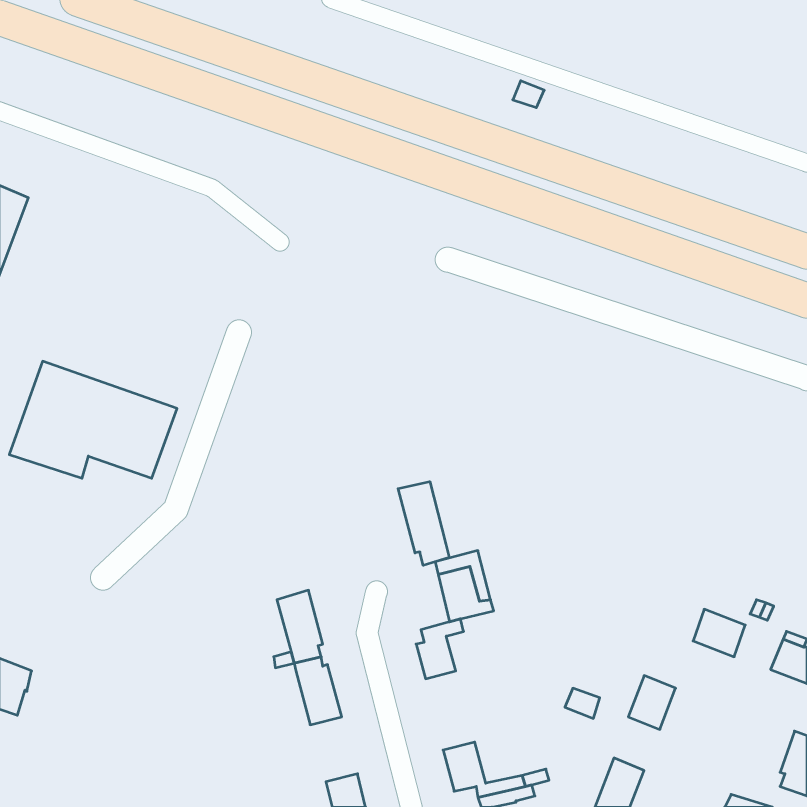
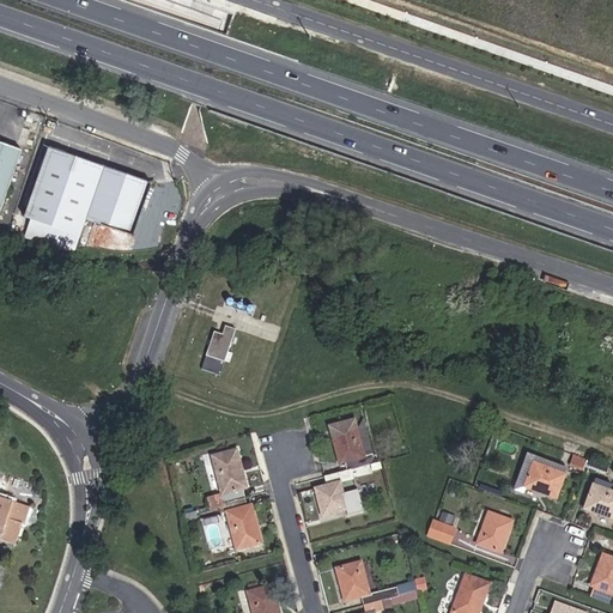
building: [9,361,177,478] -> [24,146,151,235]
building: none -> [201,324,235,375]
building: [398,482,449,565] -> none

